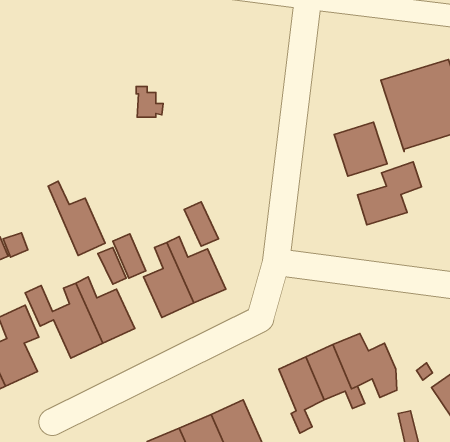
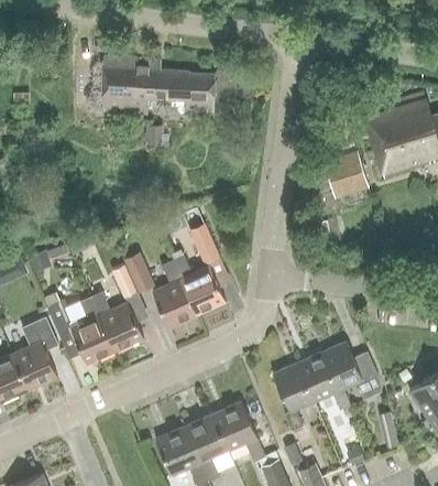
building: none -> [101,57,215,115]
building: [357,162,421,225] -> none
building: [48,181,105,256] -> none

